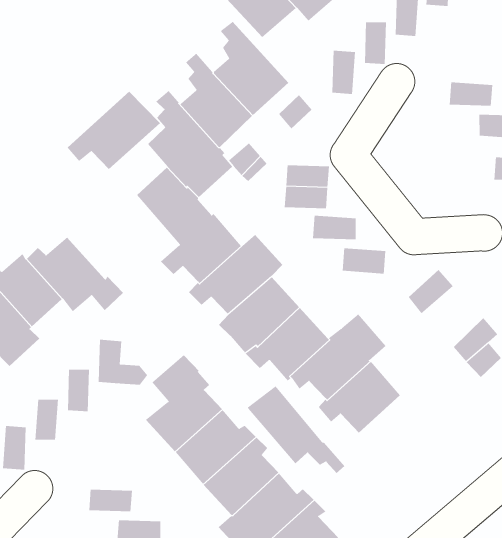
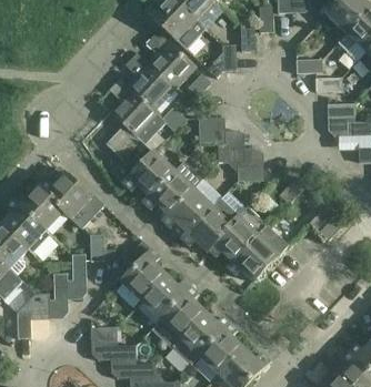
building: [67,91,161,170] -> none
building: [247,386,345,474] -> none

